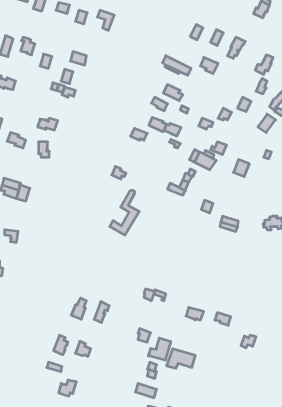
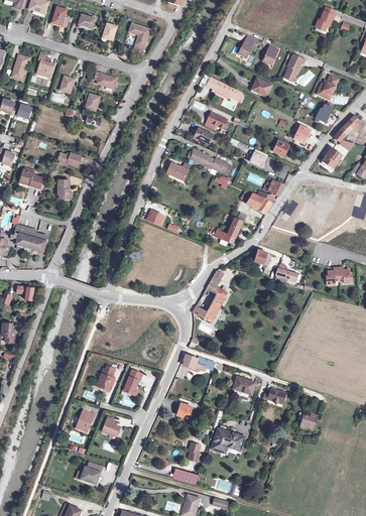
building: [110,190,139,235] -> [191,269,226,322]
building: [148,338,171,360] -> none

